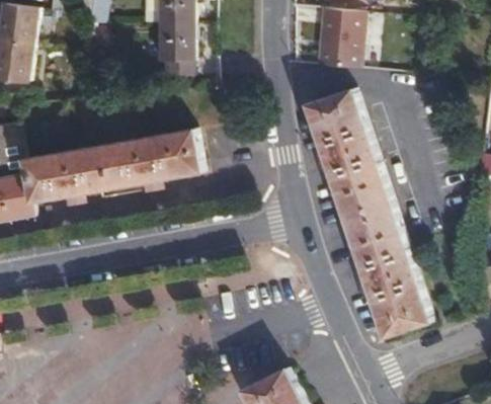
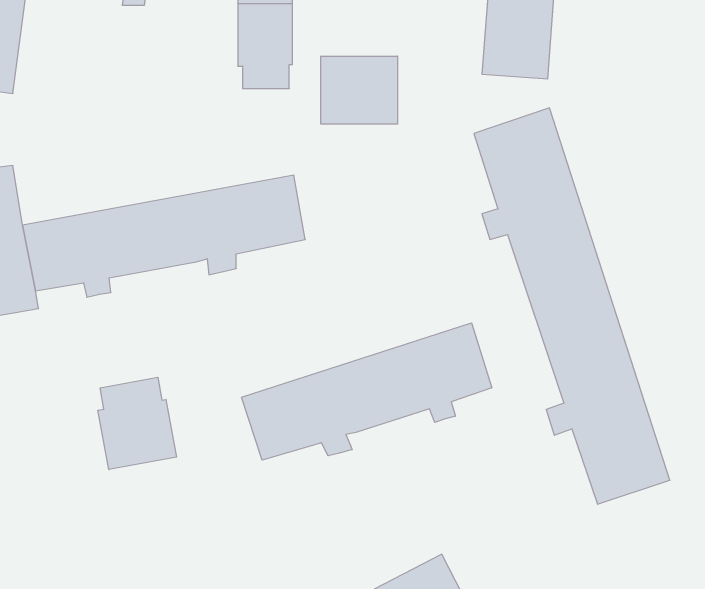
building: none -> [321,56,398,124]
building: none -> [241,323,492,460]
building: none -> [98,377,177,470]

